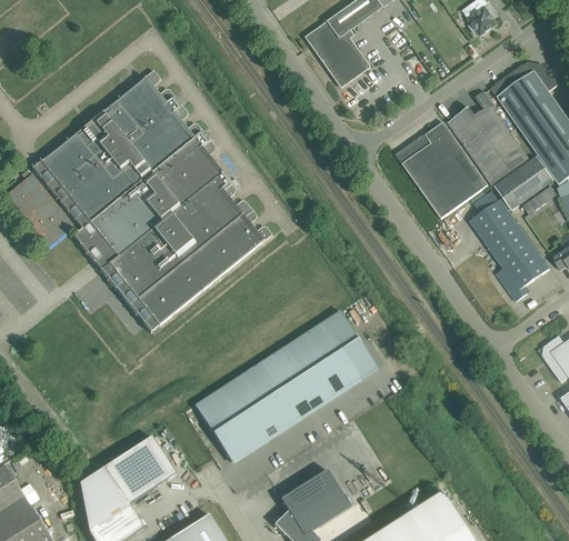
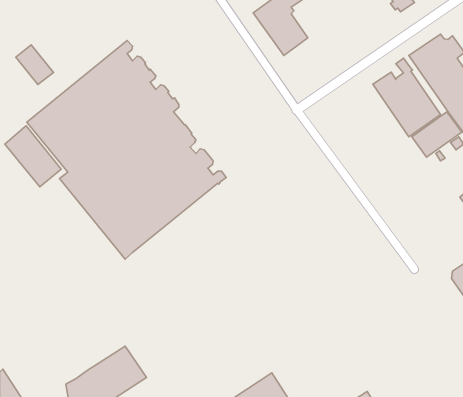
building: none -> [16,45,53,85]
building: [396,122,489,219] -> none
building: [470,199,550,301] -> none
building: [194,310,376,461] -> none

